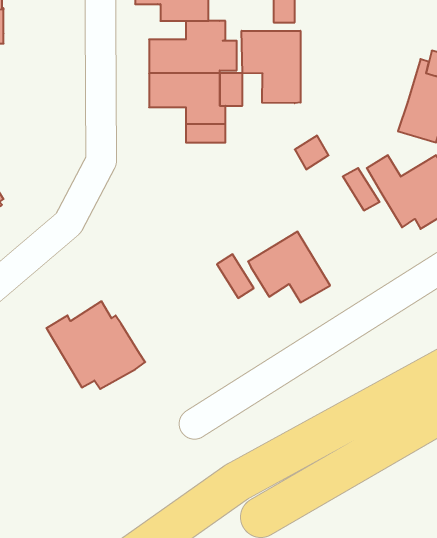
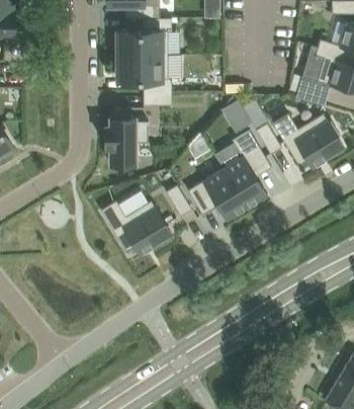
building: [242,31,301,103] -> none
building: none -> [105,107,149,166]
building: none -> [215,129,268,207]
building: [46,301,145,389] -> [101,190,172,253]

